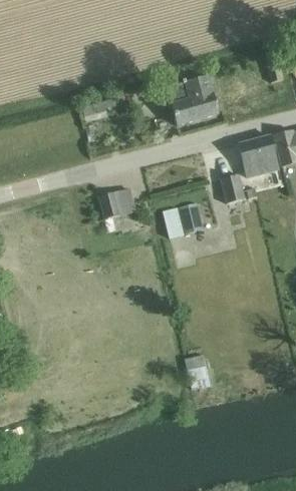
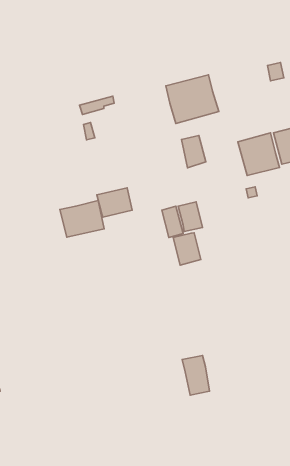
building: [222,173,246,205] -> [182,135,206,168]
building: none -> [60,201,104,237]
building: none -> [173,233,201,265]

